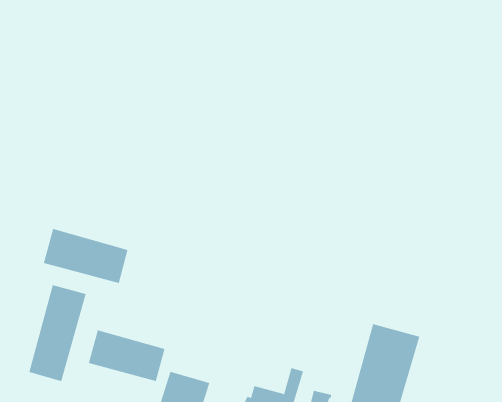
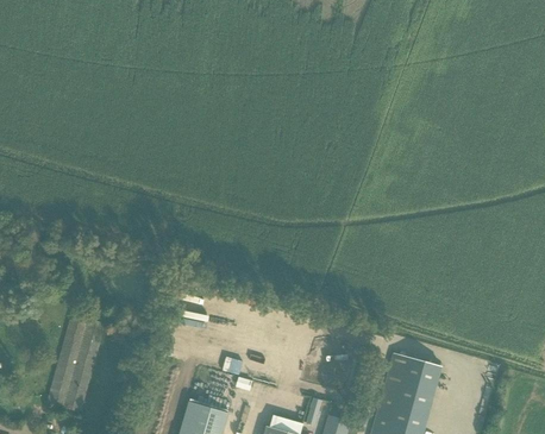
building: [43,228,128,284] -> none
building: [88,329,165,382] -> none

